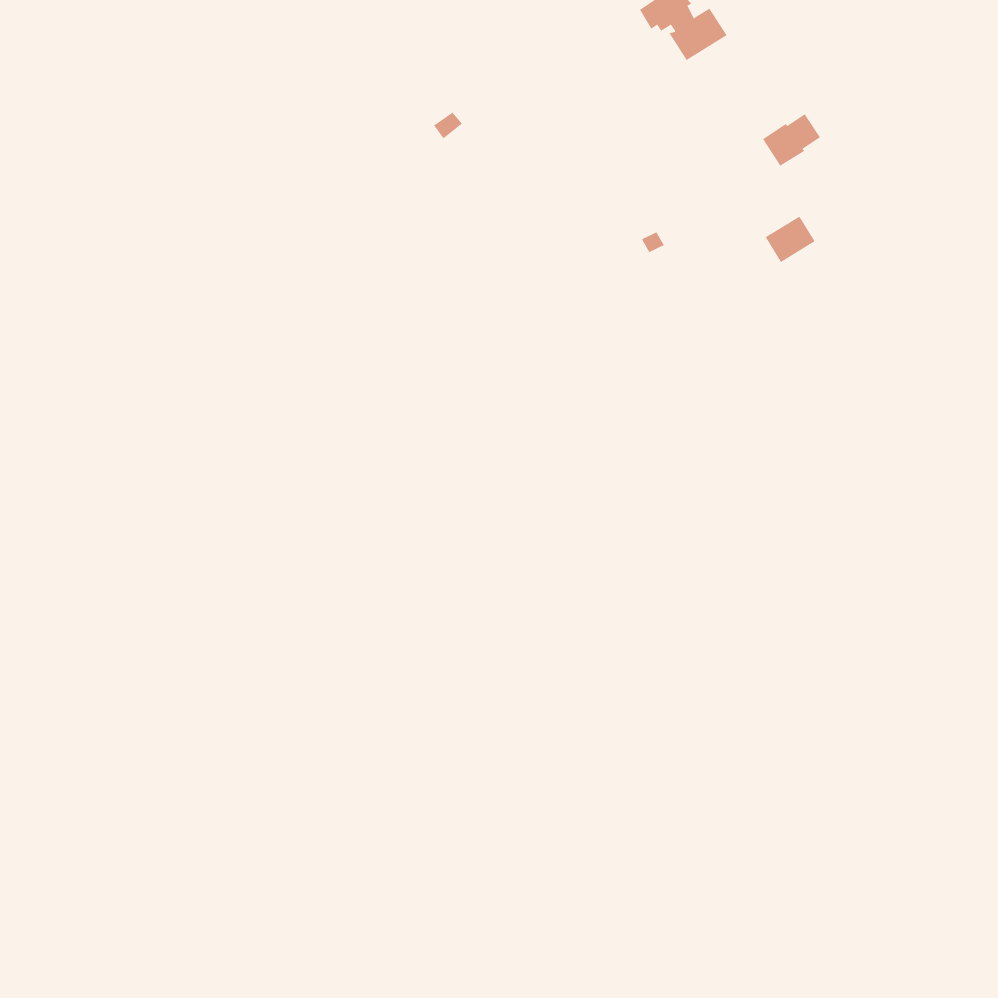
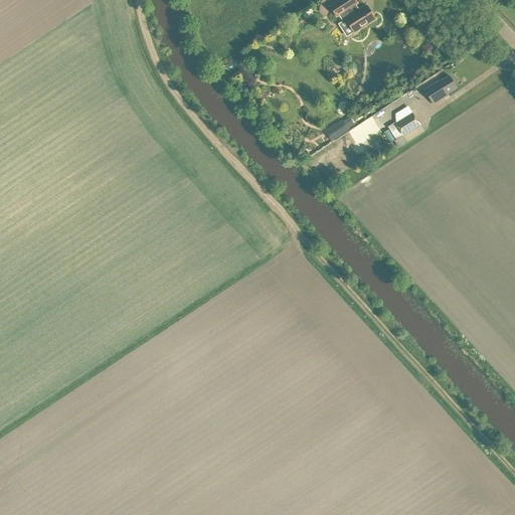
building: [762,114,821,166] -> [423,74,454,102]

